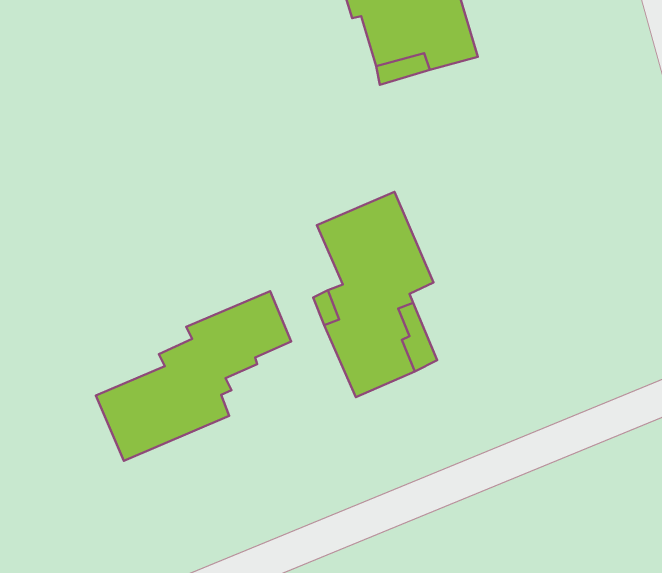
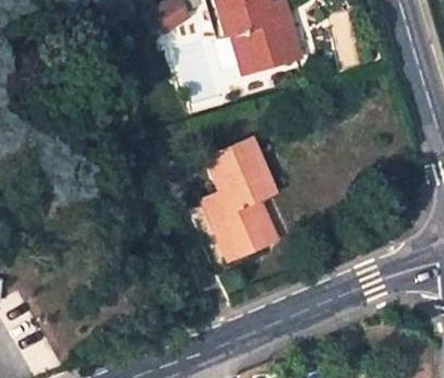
building: [96,291,291,461] -> none

